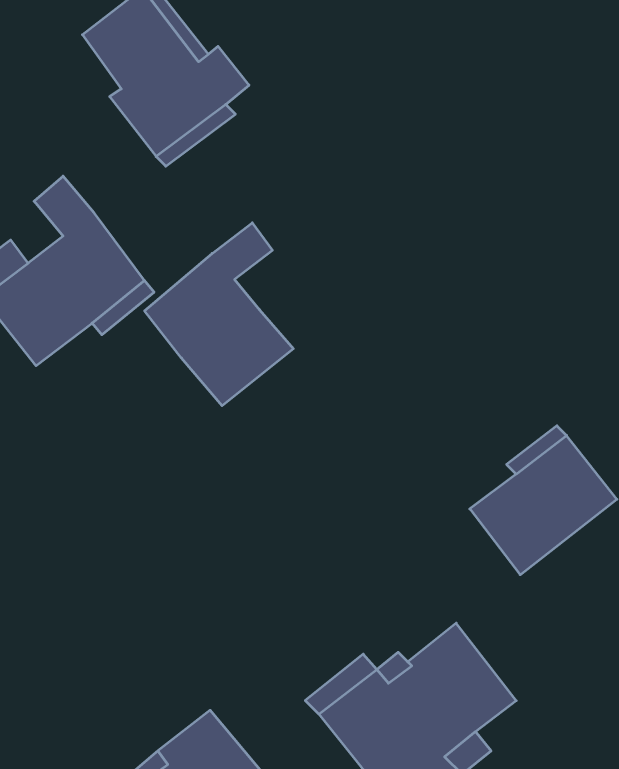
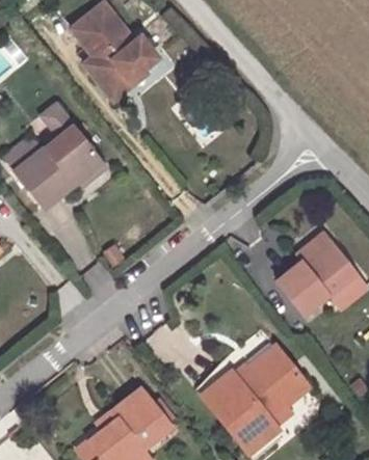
building: [145,223,293,406] -> none

